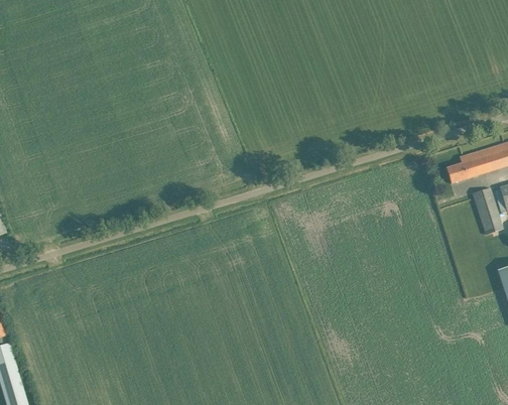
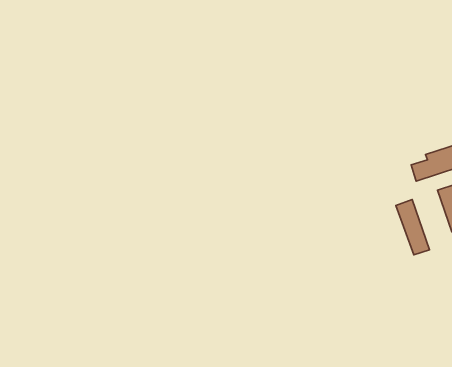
building: none -> [396,200,429,255]

